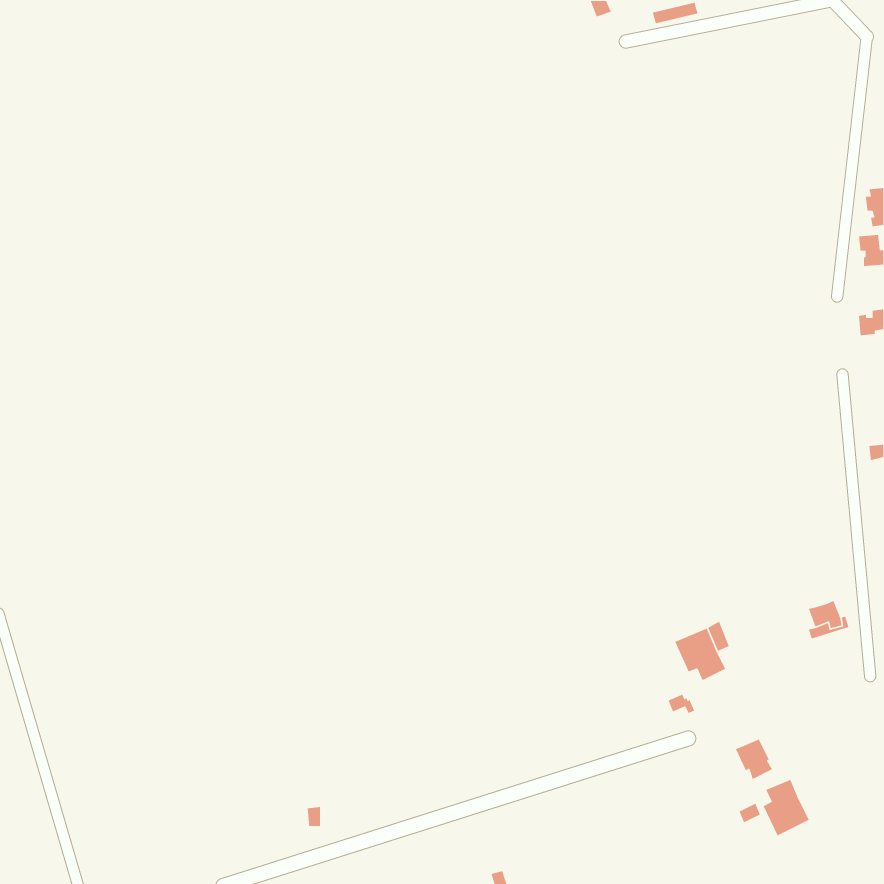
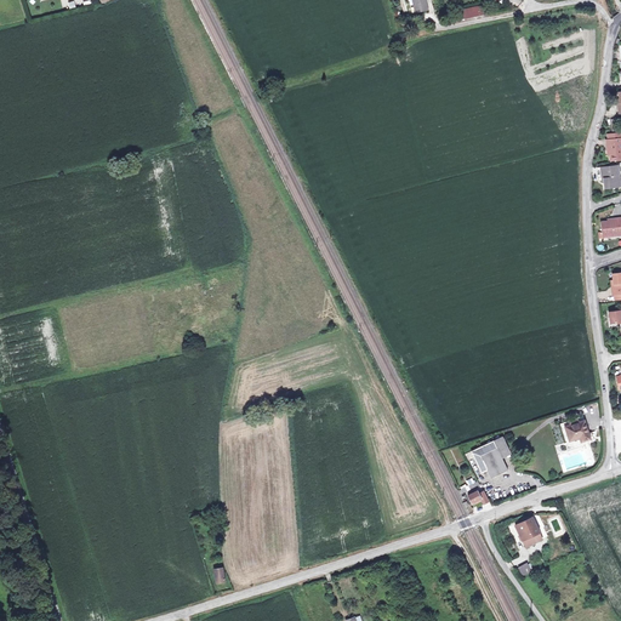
building: [763,779,810,836] -> none

